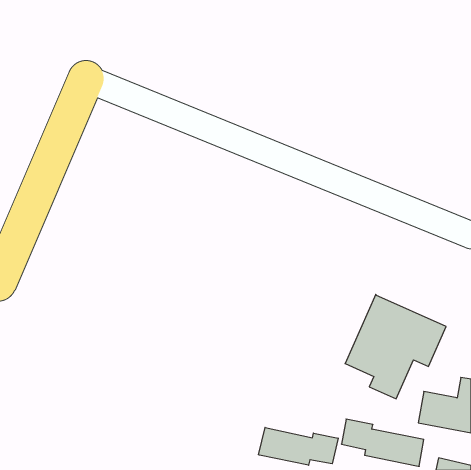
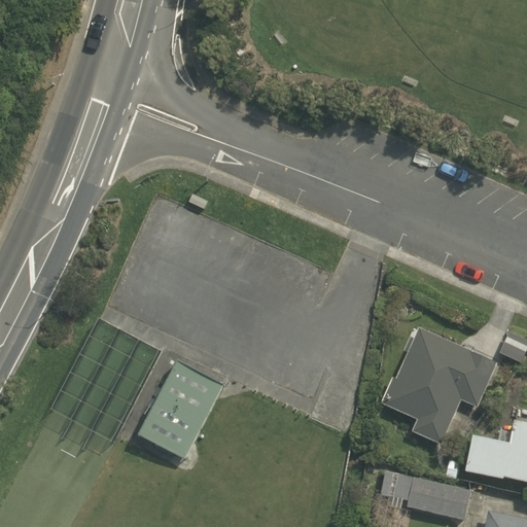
building: none -> [141,359,224,456]
building: [259,427,338,465] -> none

